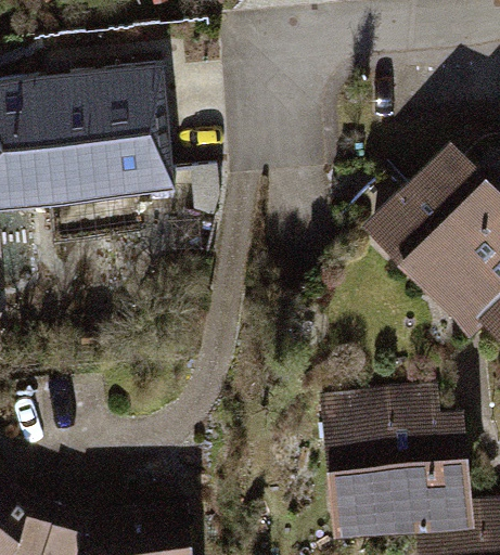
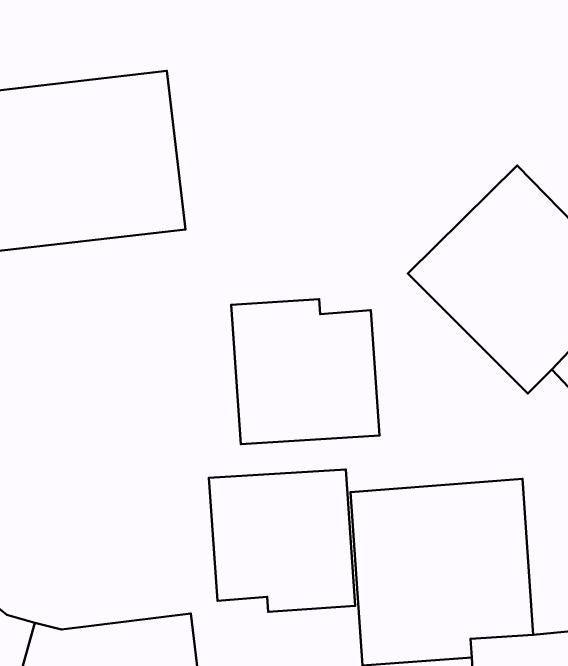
building: none -> [231,299,379,444]
building: none -> [209,470,355,612]

